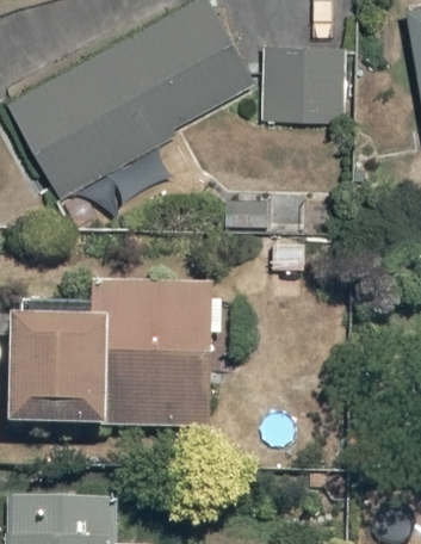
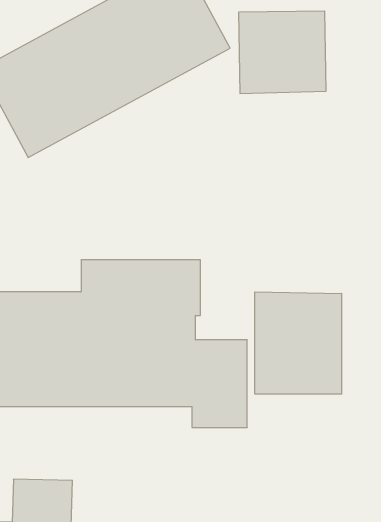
building: none -> [255,292,342,394]

